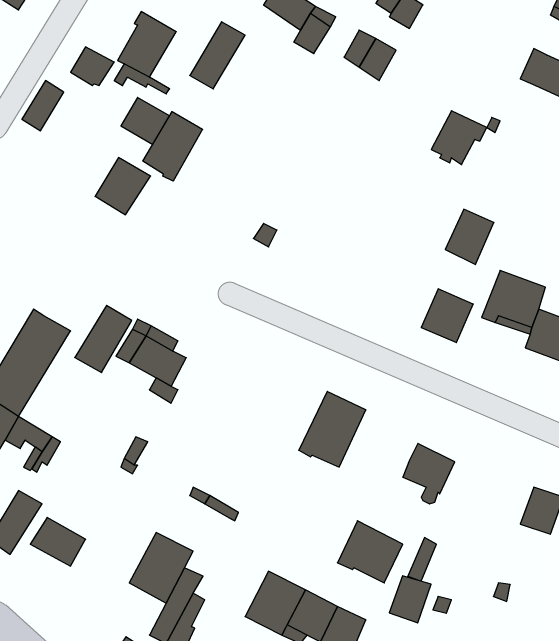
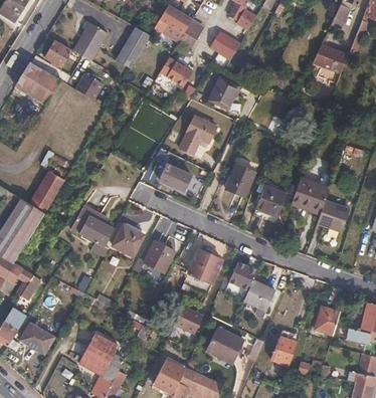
building: none -> [159,55,191,85]
building: [431,111,487,165] -> [208,77,241,110]
building: [143,112,203,181] -> none
building: [95,158,151,215] -> [26,69,59,104]
building: none -> [178,115,216,154]
building: [445,209,494,265] -> [225,164,254,197]
building: none -> [158,165,190,192]
building: [75,305,132,373] -> [28,172,62,212]
building: none -> [112,224,144,255]
building: none -> [144,240,173,269]
building: none -> [229,261,256,289]
building: none -> [173,306,202,333]
building: [389,576,431,623] -> [270,336,296,364]

